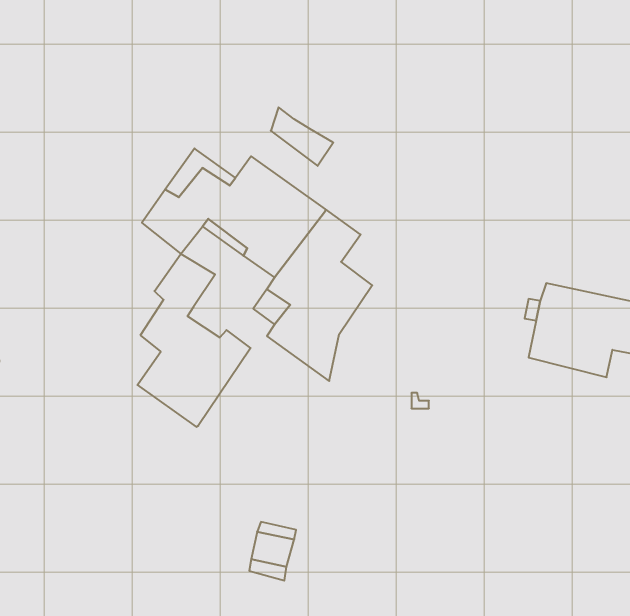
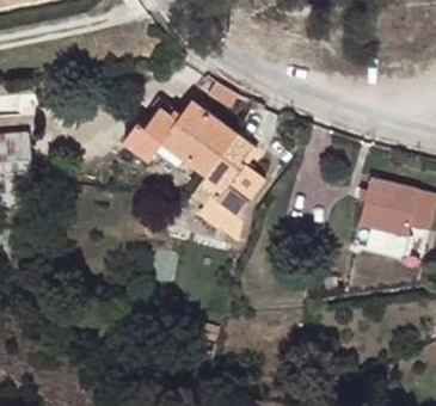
building: [137,254,251,427] -> none

